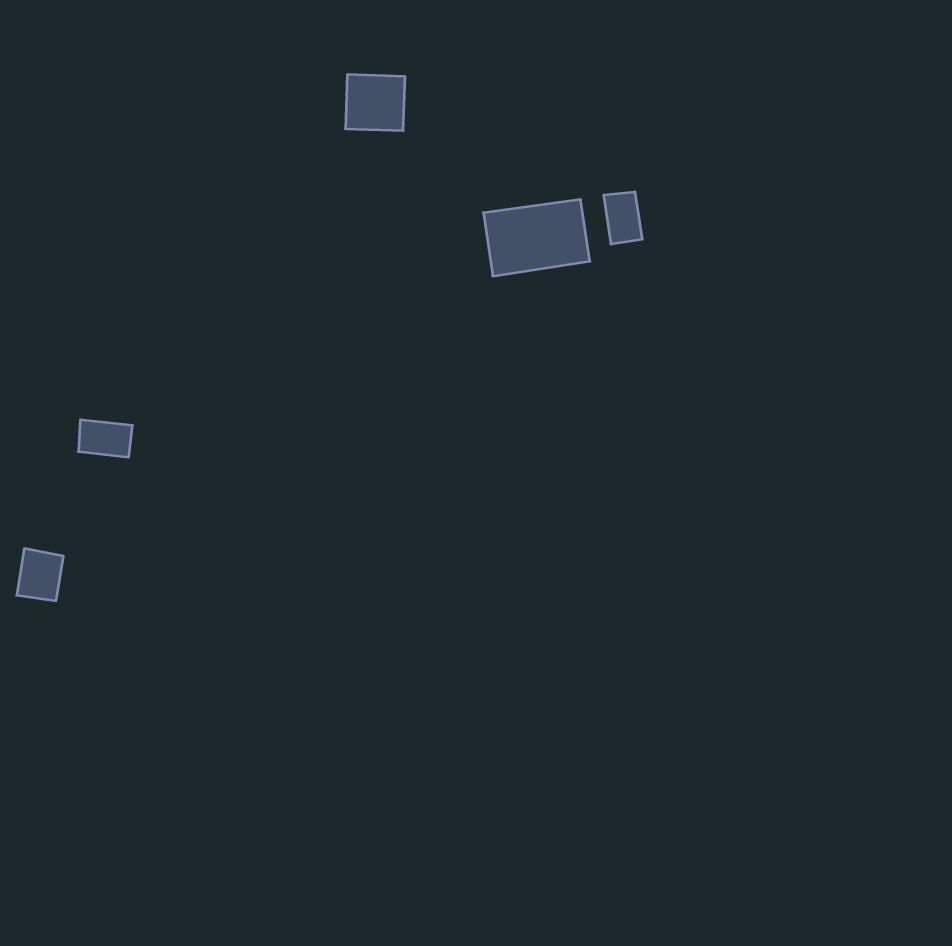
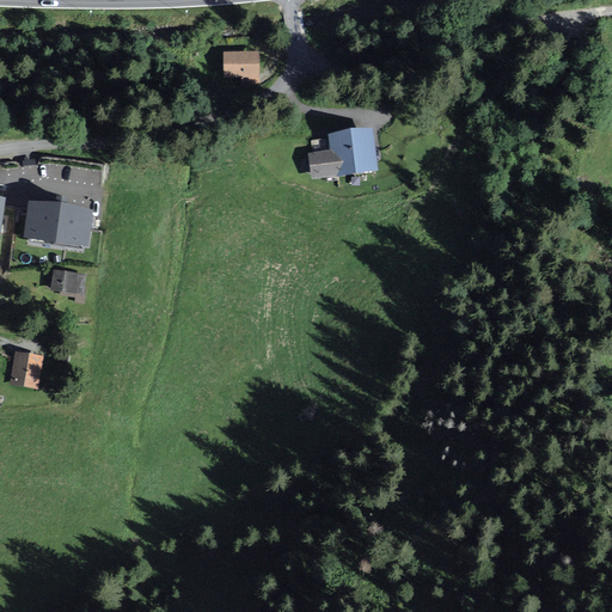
building: [604,192,642,244] -> none
building: none -> [24,206,91,247]

